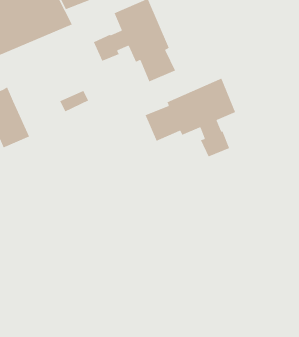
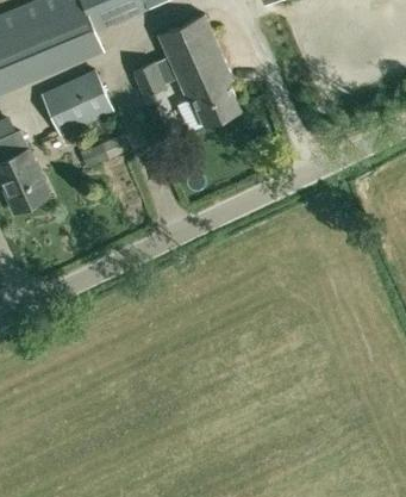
building: none -> [40,68,113,136]
building: [144,78,236,158] -> none

